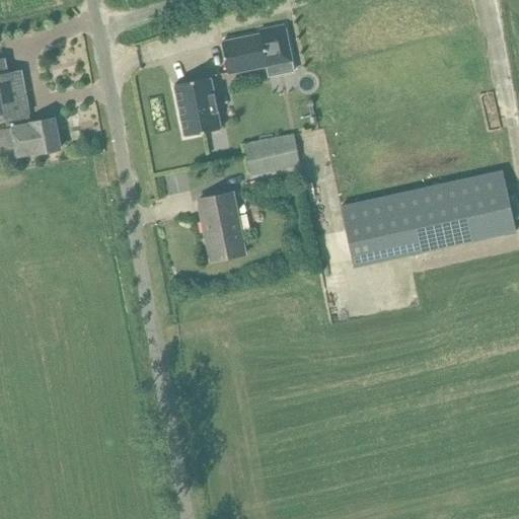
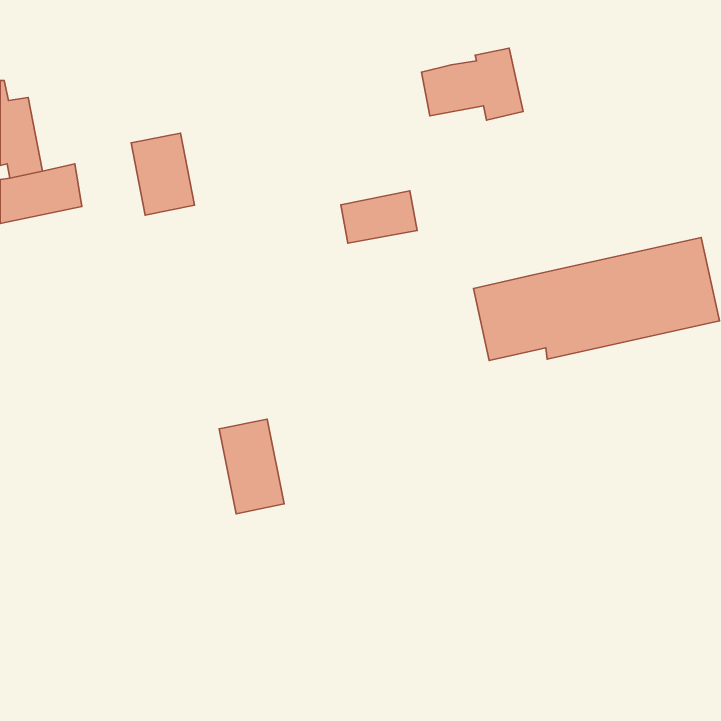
building: [222,24,295,76] -> [421,48,523,120]
building: [175,77,221,136] -> [131,133,195,215]
building: [199,193,245,261] -> [219,419,284,514]

